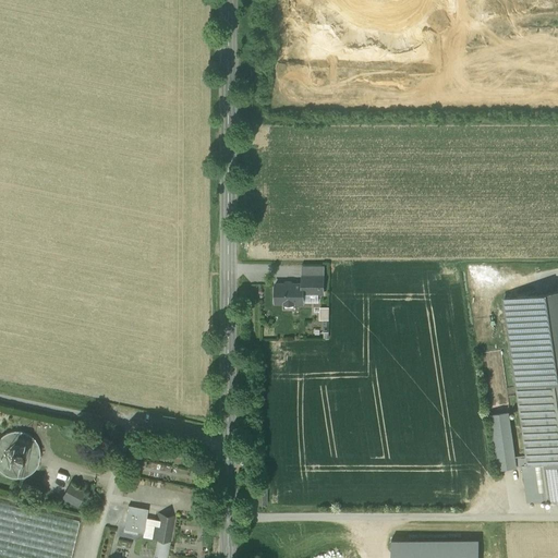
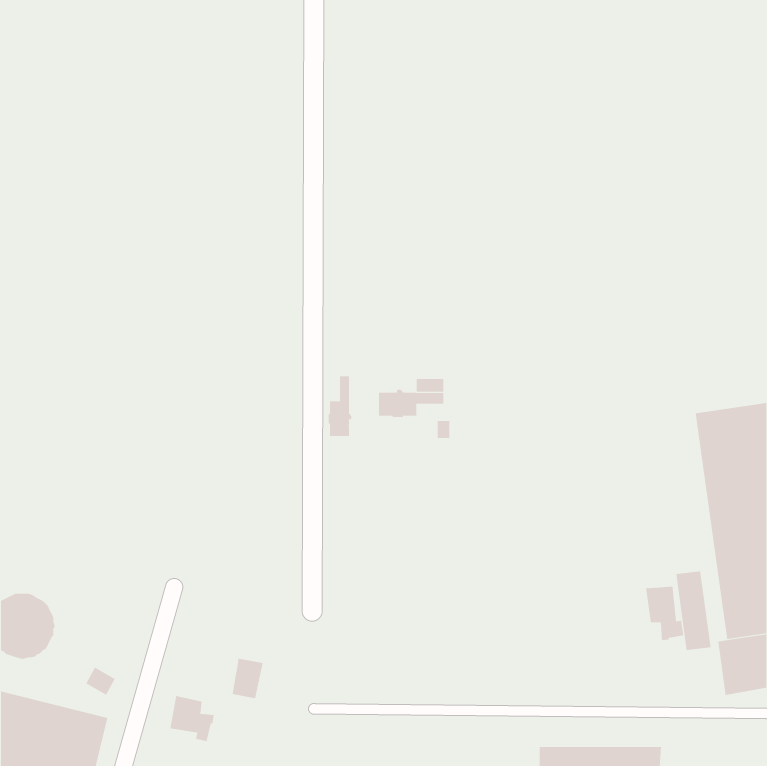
building: none -> [328,376,352,437]
building: none -> [646,586,684,641]
building: [153,513,175,543] -> [232,658,263,699]

